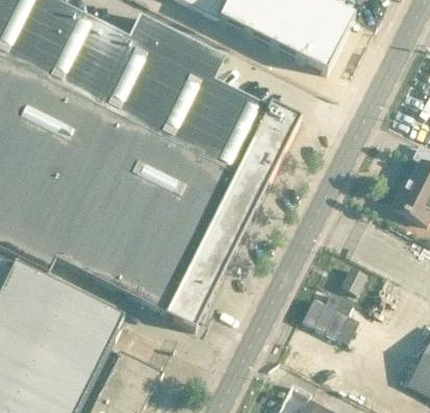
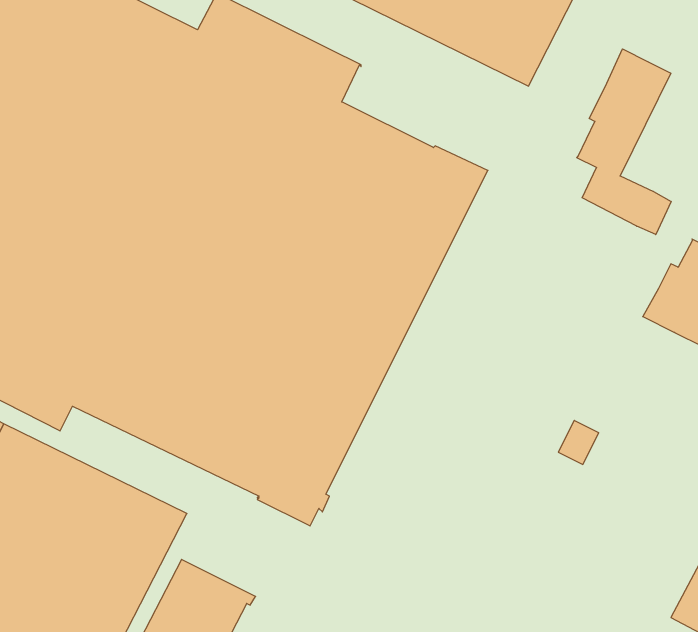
building: none -> [577,49,671,235]
building: [300,293,356,342] -> none

